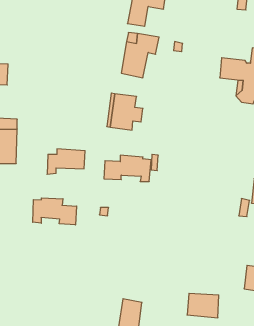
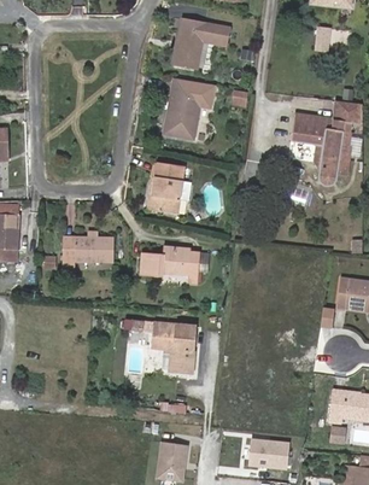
building: [33,198,77,225] -> none
building: none -> [153,317,199,369]

